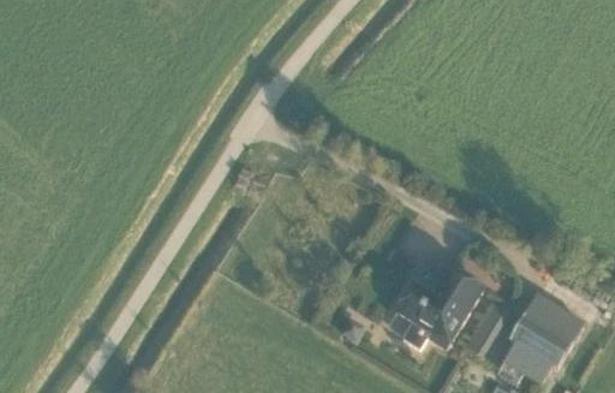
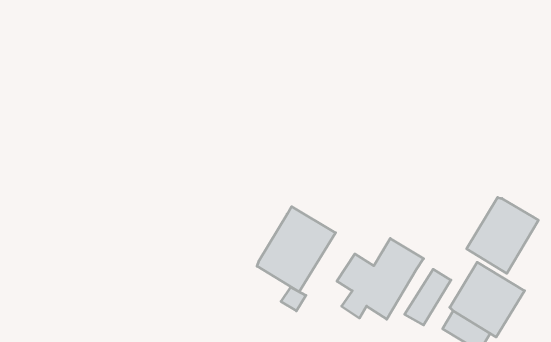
building: none -> [467,197,538,273]
building: none -> [257,207,336,292]

